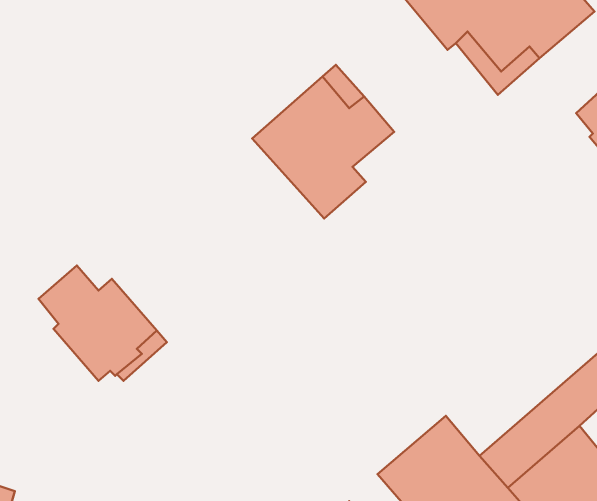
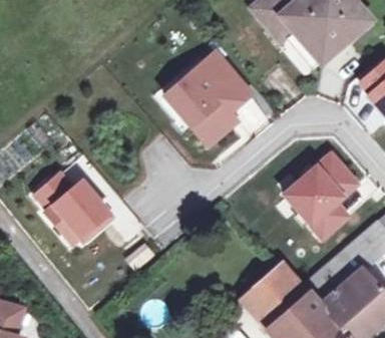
building: none -> [285,153,357,237]

